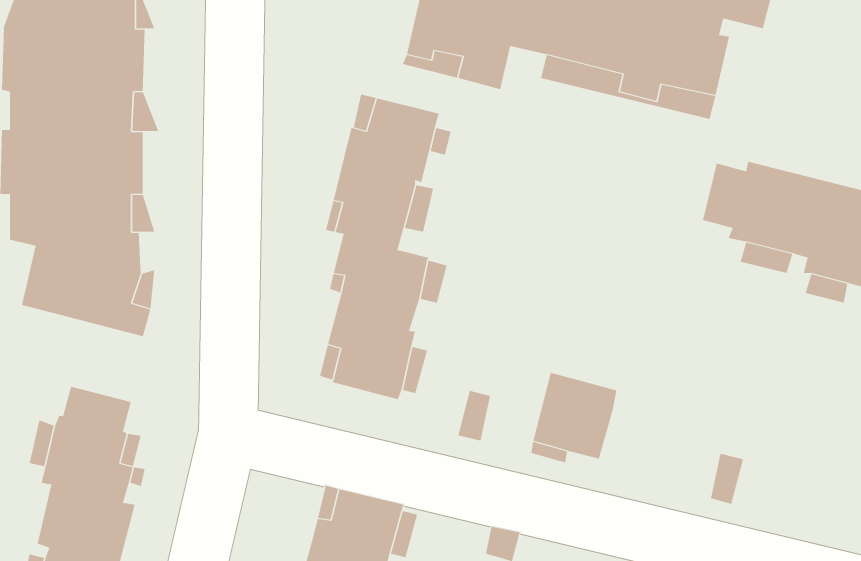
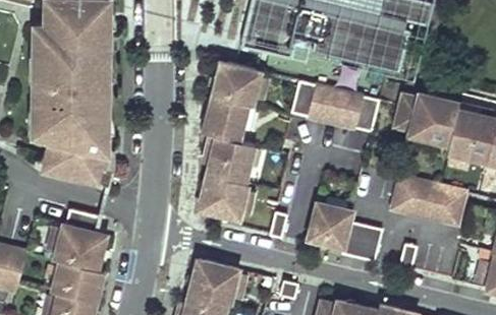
building: none -> [290,80,378,132]
building: none -> [389,178,466,228]
building: none -> [340,222,381,261]

